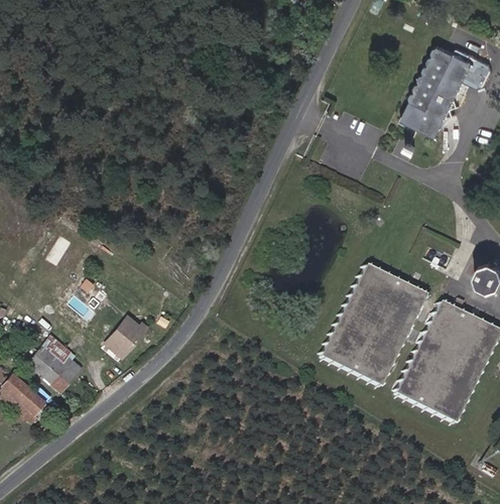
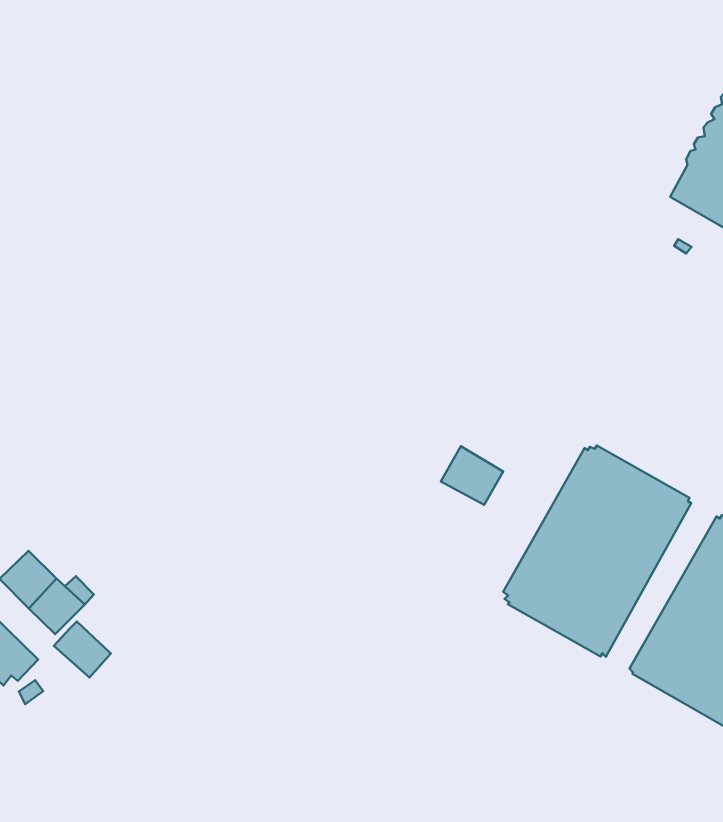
building: none -> [441,446,503,505]
building: [108,314,147,356] -> none
building: none -> [54,621,111,678]

